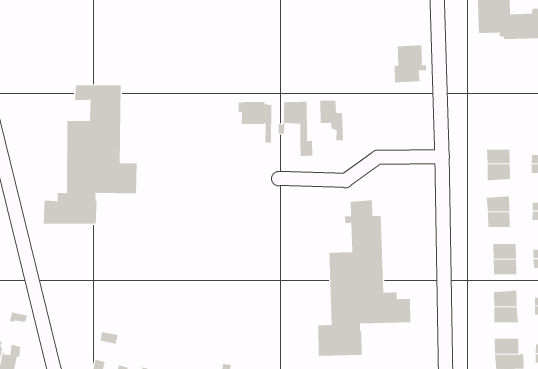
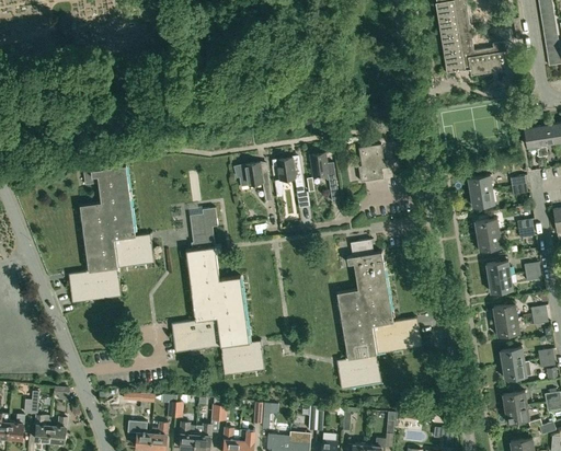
building: [394,45,427,83] -> [358,143,389,182]
building: none -> [172,208,265,374]

